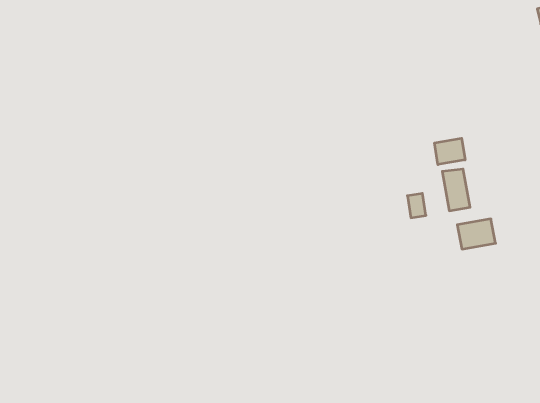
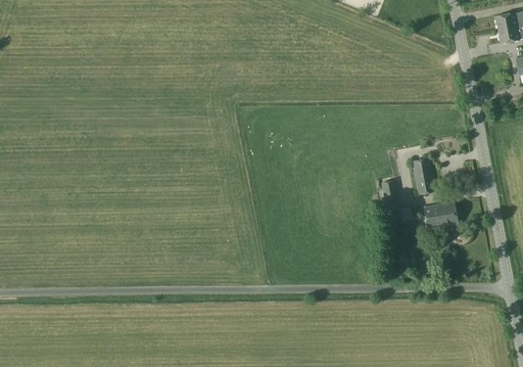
building: [435,138,465,165] -> none

